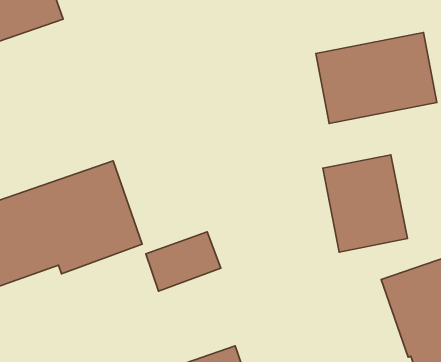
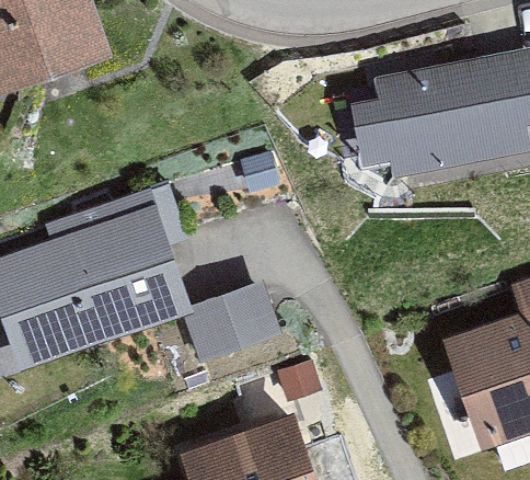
building: [323,155,407,252] -> none

